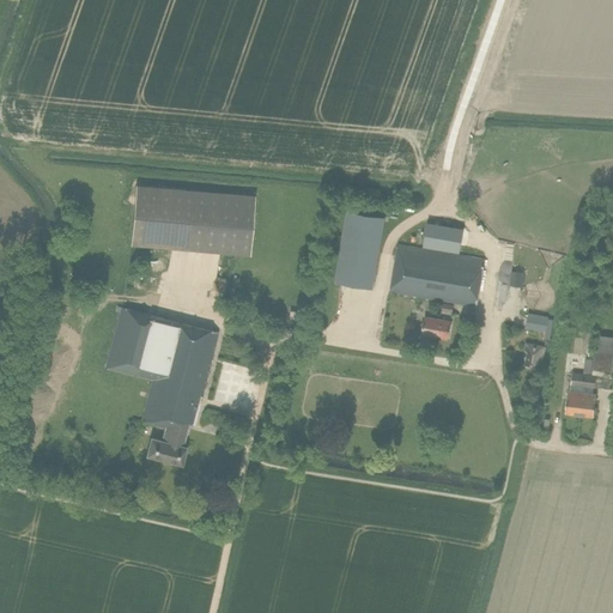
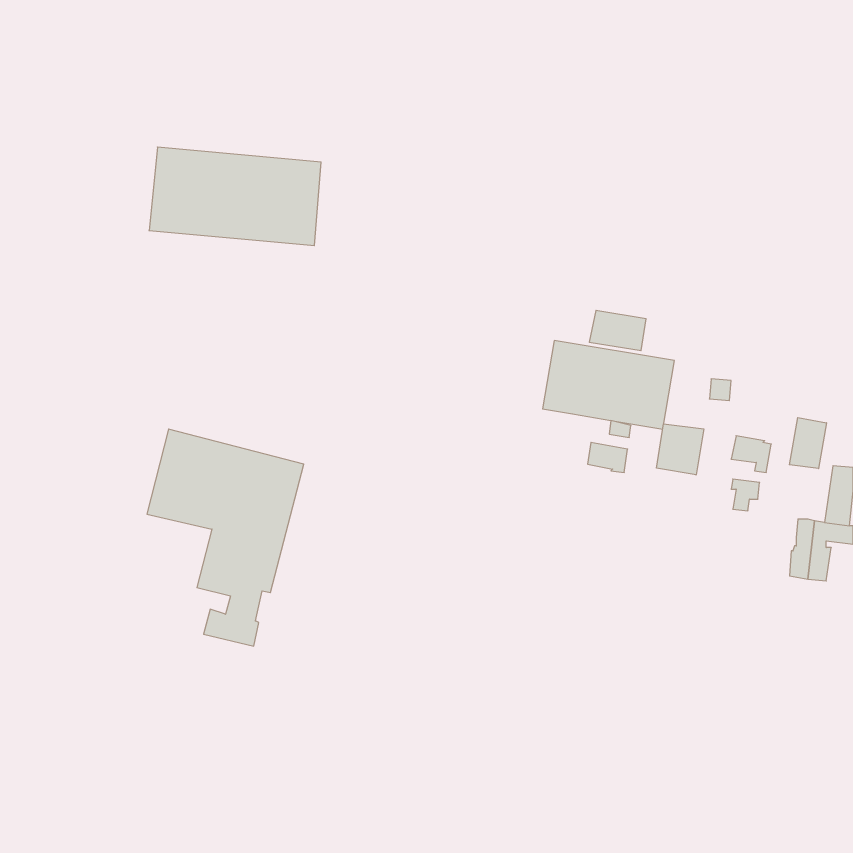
building: [131,184,254,255] -> [149,147,321,246]
building: [333,211,384,289] -> none
building: none -> [789,418,826,469]
building: none -> [657,424,704,475]

